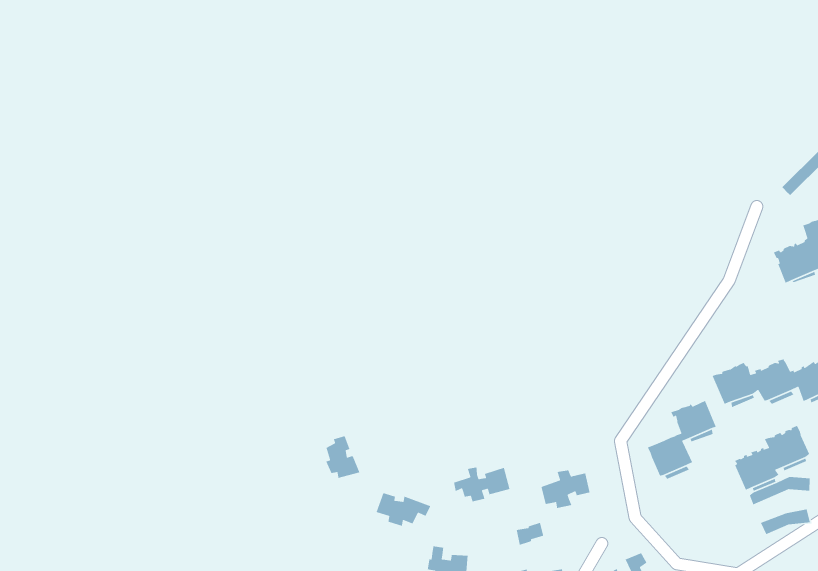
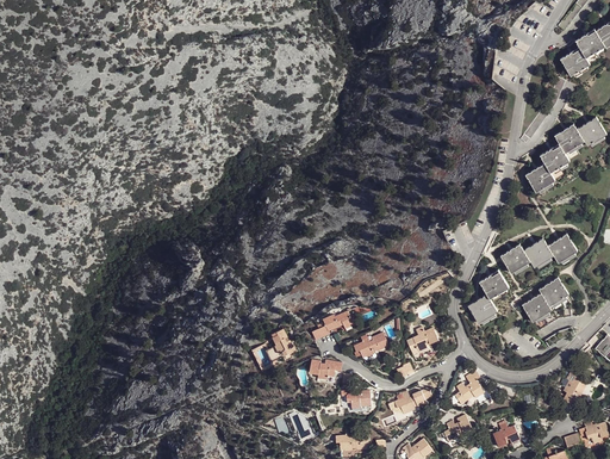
building: none -> [311,310,355,340]

